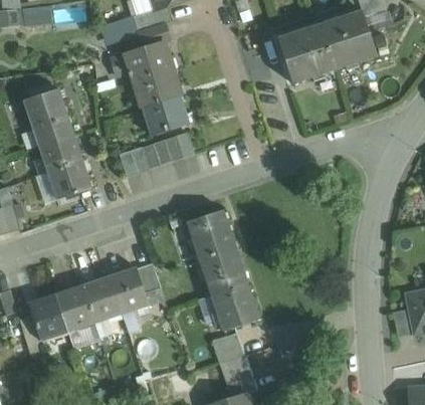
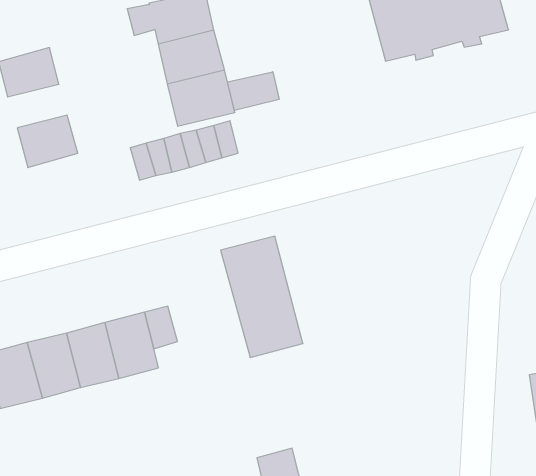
building: none -> [227,72,279,110]
building: [31,114,73,146] -> none
building: [48,161,91,200] -> none
building: [211,283,259,332] -> none
building: [212,333,244,365] -> none

